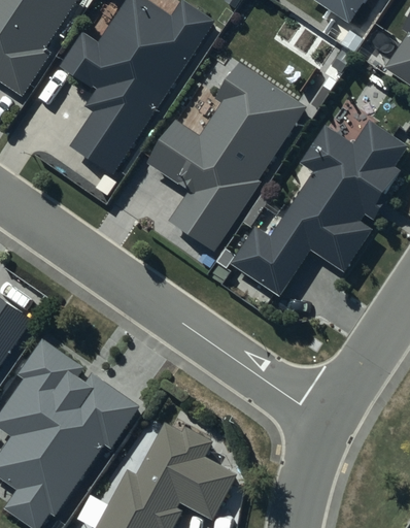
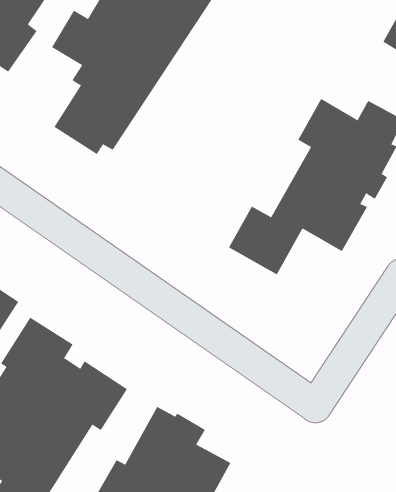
building: [148,65,305,251] -> none

